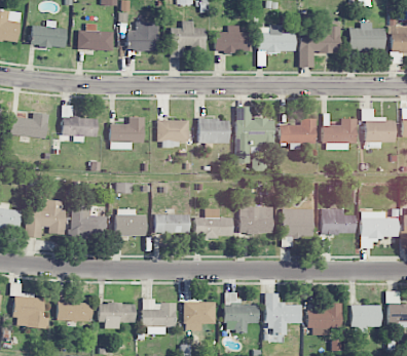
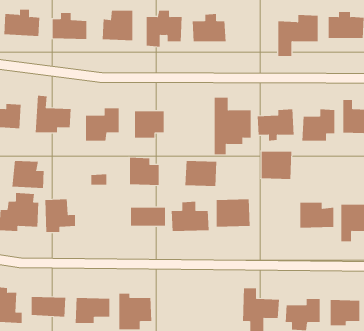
building: [258,26,296,66] -> none
building: [198,118,230,144] -> [185,160,217,187]
building: none -> [12,160,44,189]
building: [116,208,146,236] -> [129,157,159,185]
building: [283,209,313,237] -> [261,151,292,179]
building: [225,292,259,331] -> none
building: [185,302,216,331] -> none

